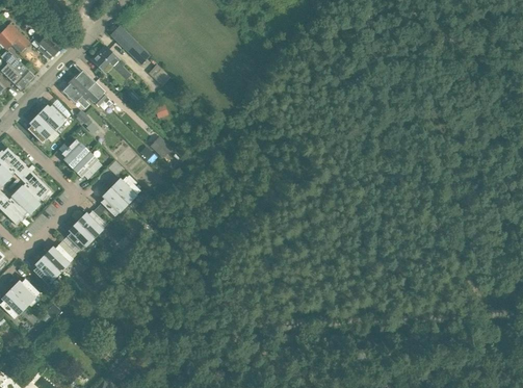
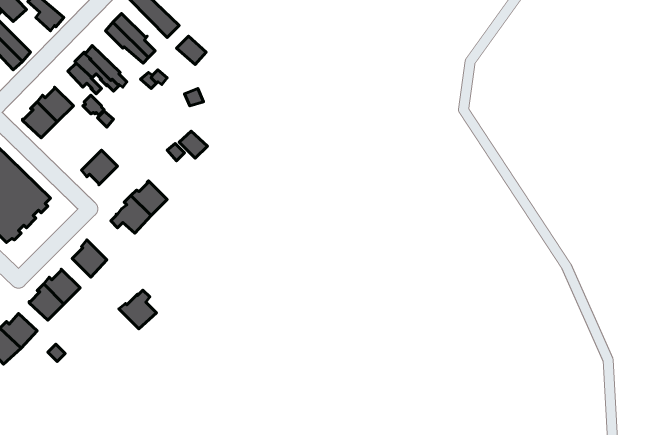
building: [60,138,88,166] -> none
building: [77,206,106,236] -> [119,290,156,329]

